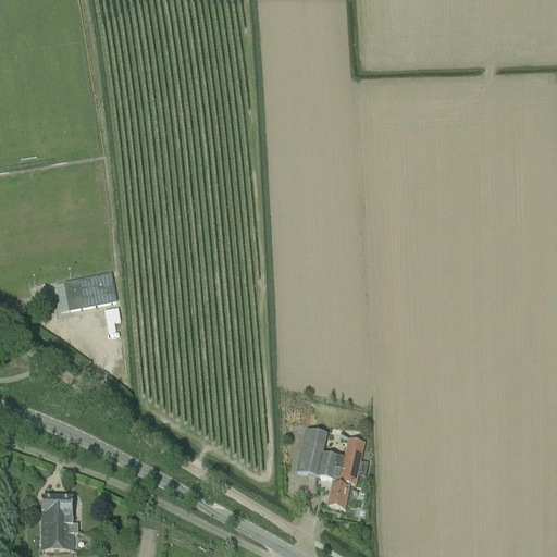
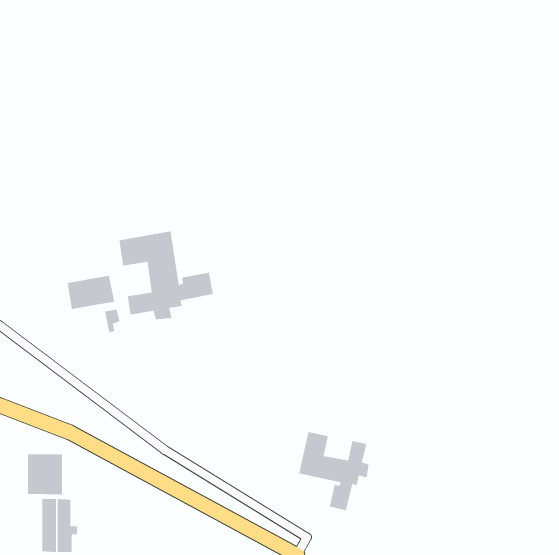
building: none -> [118,231,214,320]
building: none -> [27,454,63,495]

